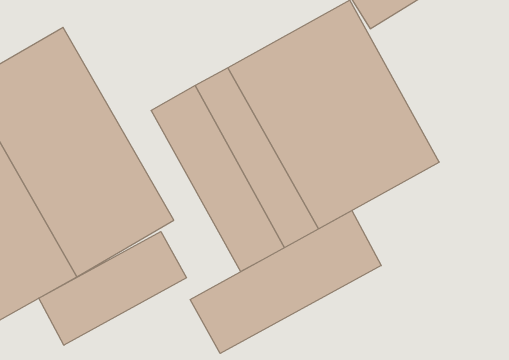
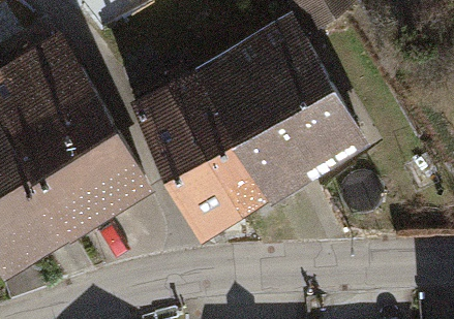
building: [190,211,381,353] -> none
building: [39,232,186,345] -> none

